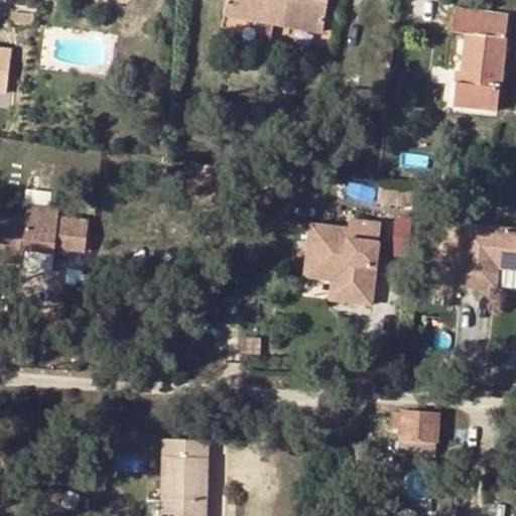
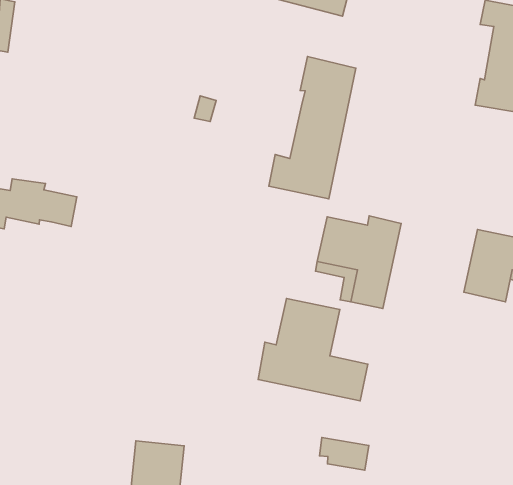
building: none -> [269,57,356,199]
building: none -> [258,298,368,401]
building: [392,411,437,438] -> [319,438,369,470]

